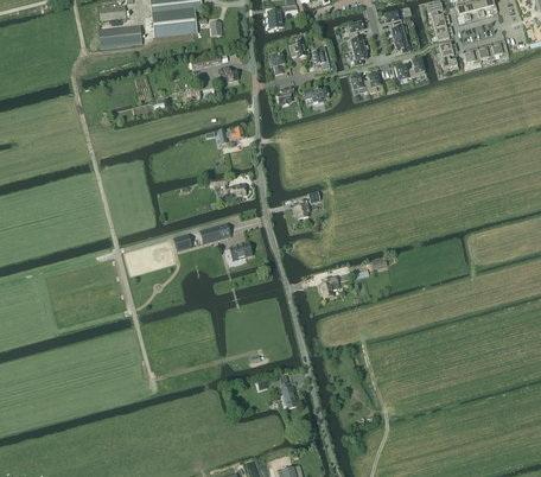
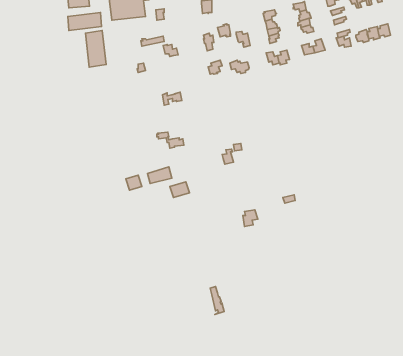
building: none -> [85,31,106,67]

